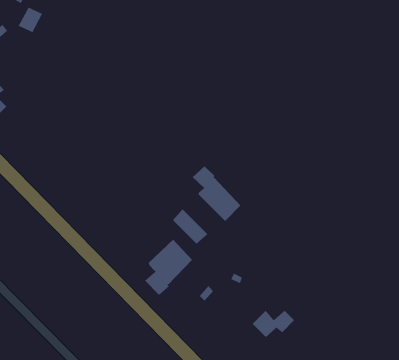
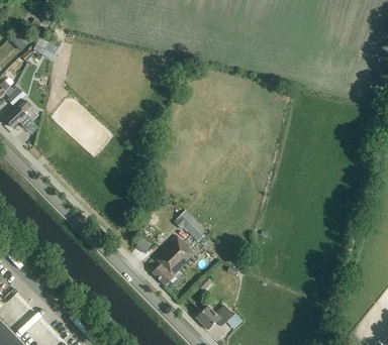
building: [192,166,241,222] -> none
building: [252,310,295,338] -> [195,307,232,331]

